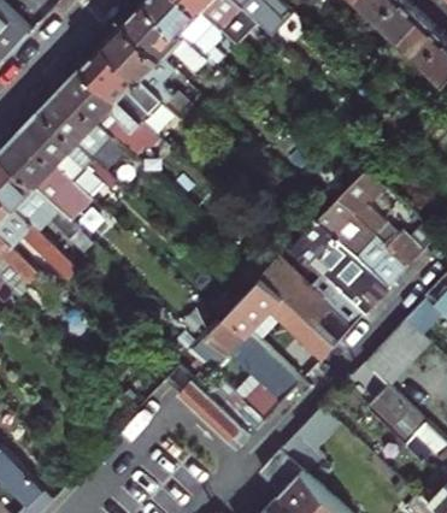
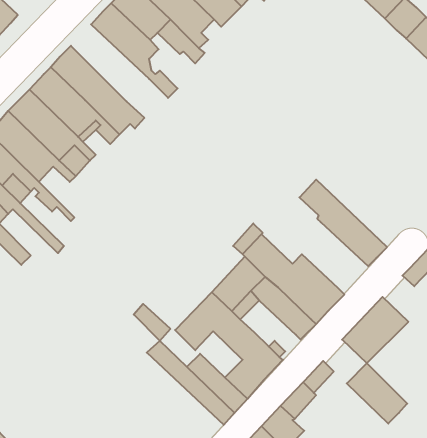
building: [83,43,163,122] -> none
building: [333,170,435,270] -> none
building: [286,218,386,318] -> none

